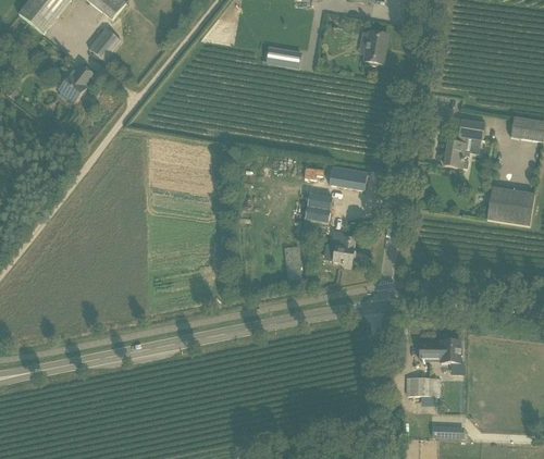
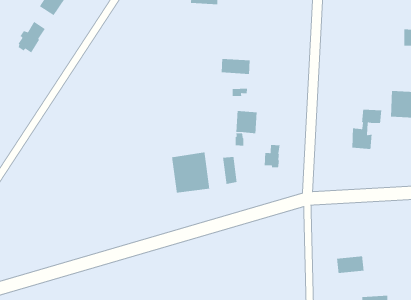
building: [444,119,484,168] -> [352,109,382,150]
building: [330,165,366,188] -> [221,58,250,75]
building: none -> [171,152,210,193]
building: [419,339,461,361] -> none

